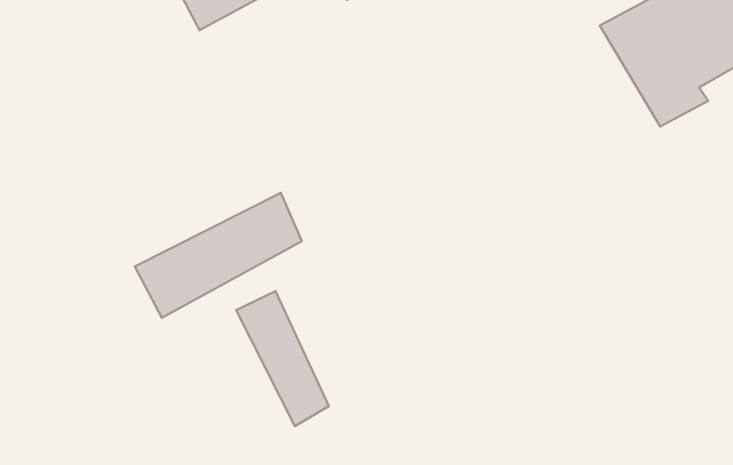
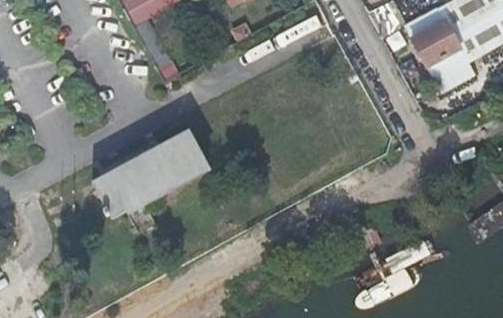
building: [236,291,329,426] -> none

